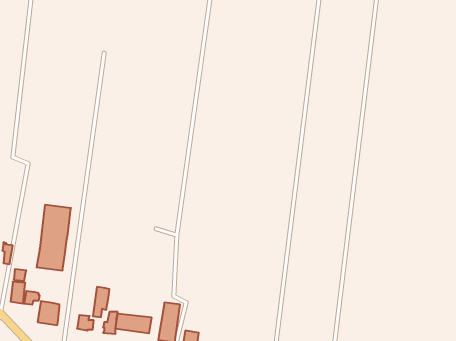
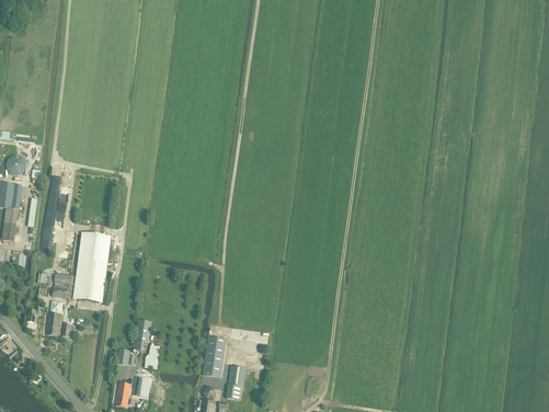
building: [38,301,59,325] -> [52,273,75,298]
building: [116,314,151,333] -> none

